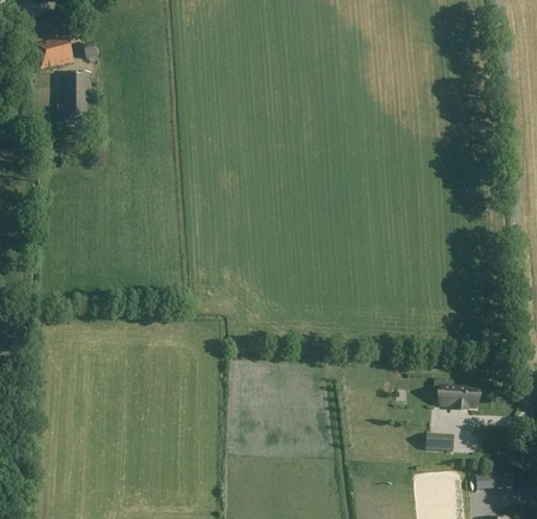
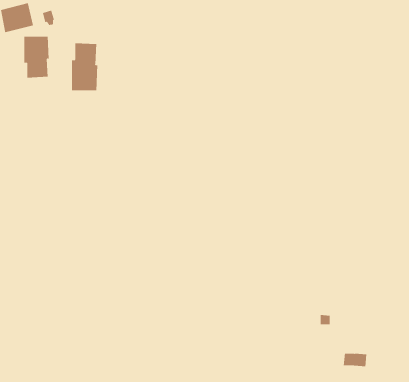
building: none -> [72,42,98,91]
building: [440,382,475,408] -> none

